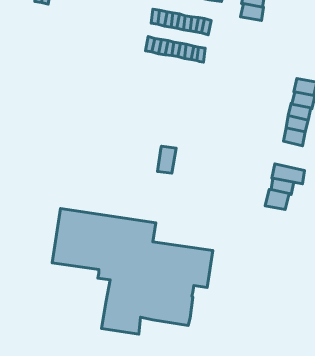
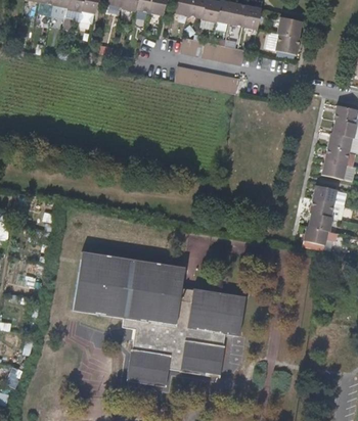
building: [157,146,176,173] -> none
building: none -> [313,188,347,209]

